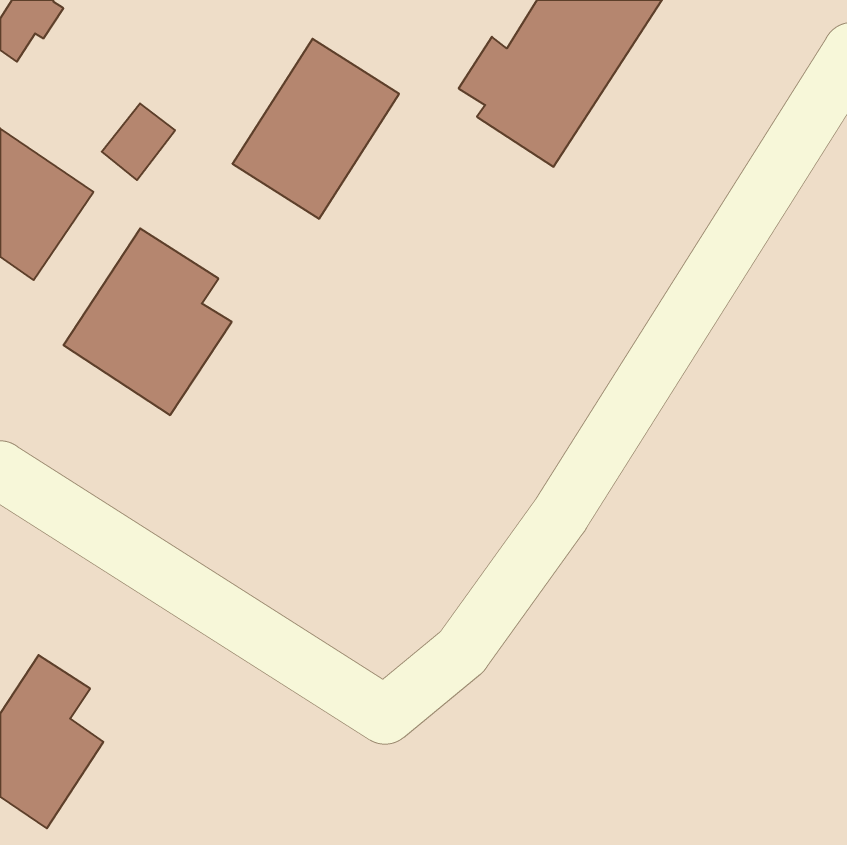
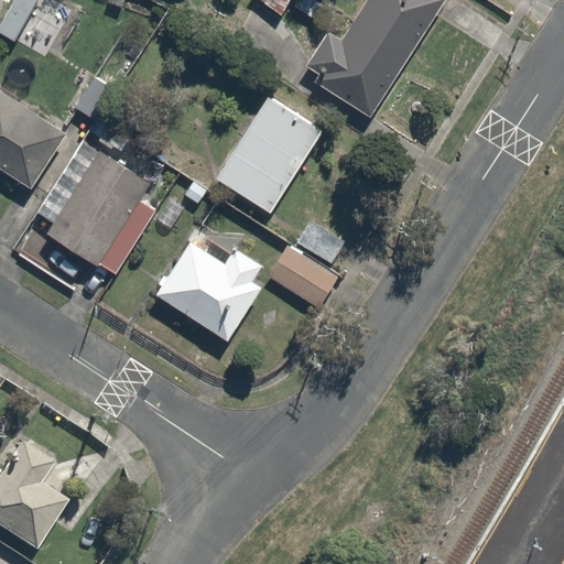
building: [232,39,399,219] -> [213,93,323,212]
building: none -> [151,237,263,339]
building: none -> [269,246,340,313]

